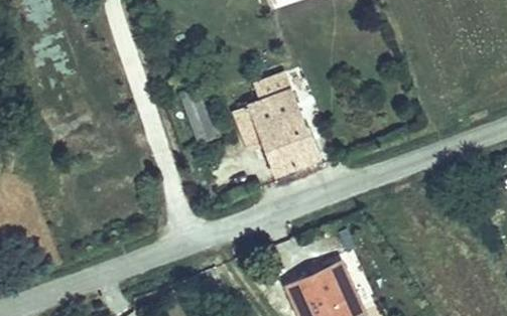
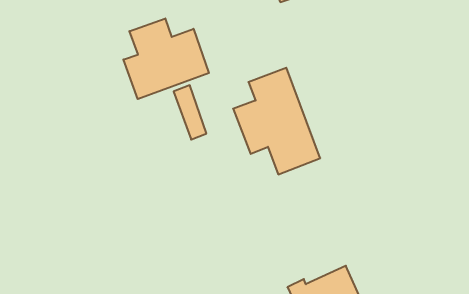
building: none -> [123,18,209,99]

